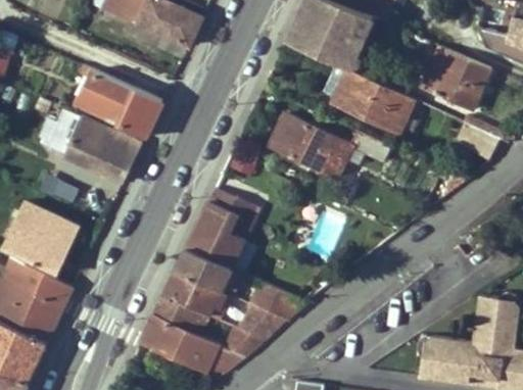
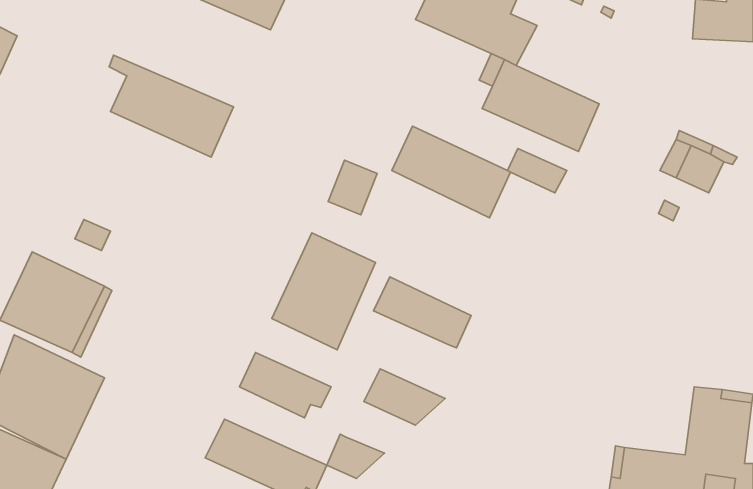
building: [421,47,492,109] -> none
building: [62,118,141,184] -> none
building: [177,247,244,296] -> [373,277,471,348]
building: [155,294,210,337] -> none
building: [239,305,287,340] -> none

